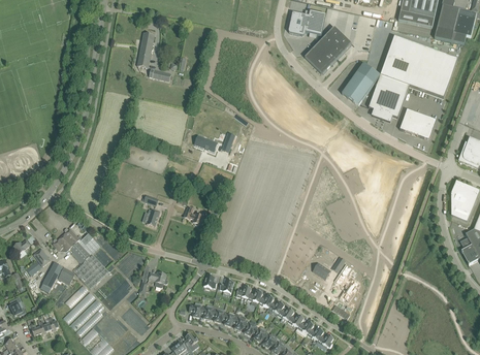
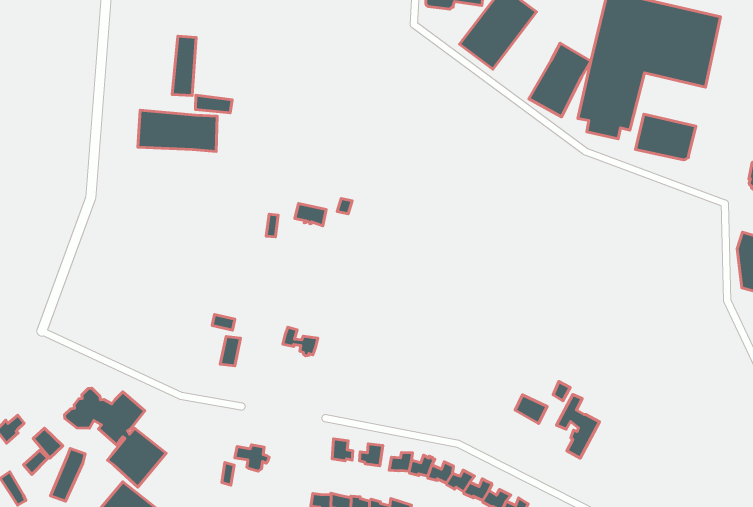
building: none -> [138,110,217,152]

